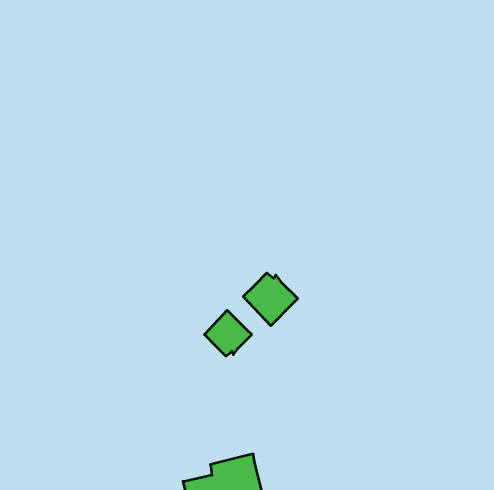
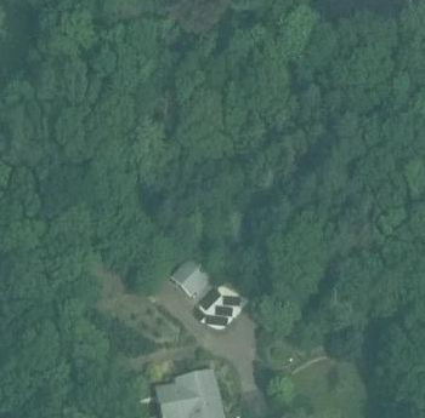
building: [243,273,298,326] -> none

